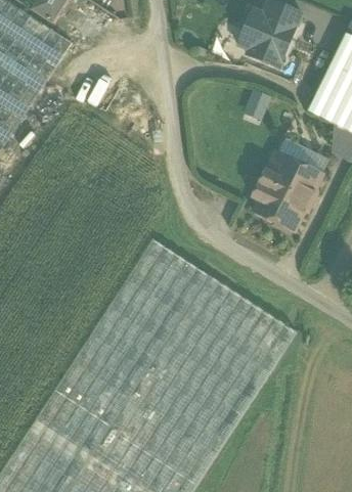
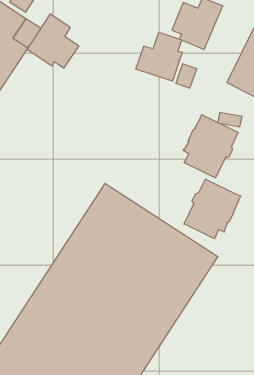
building: none -> [27,14,79,68]
building: none -> [136,32,182,81]
building: none -> [184,179,241,239]

